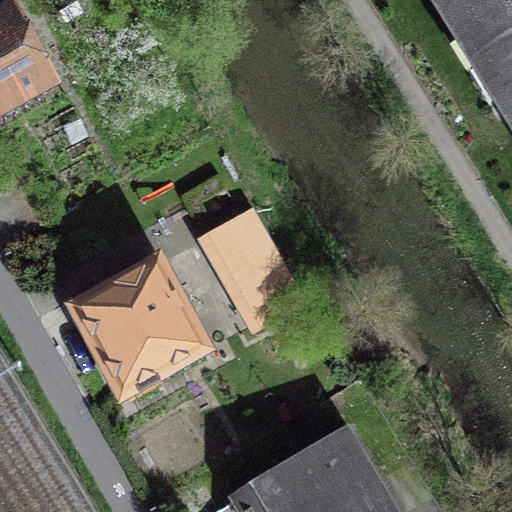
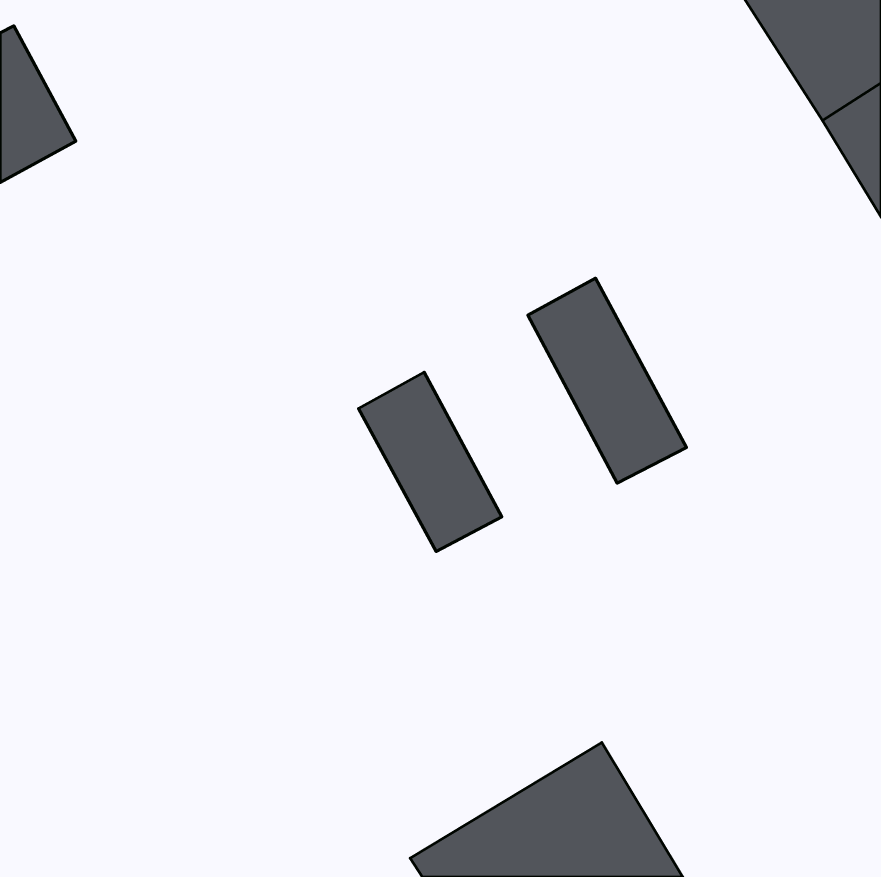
building: none -> [528,278,686,483]
building: [76,259,205,395] -> none

